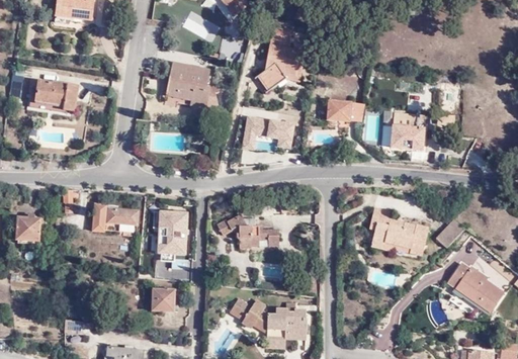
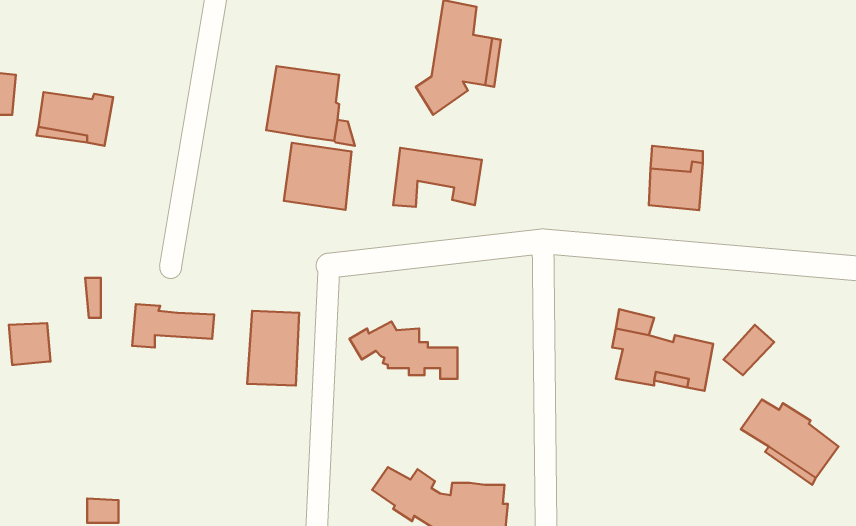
building: [323,97,362,121] -> none
building: none -> [284,143,351,210]
building: [152,289,174,312] -> none

